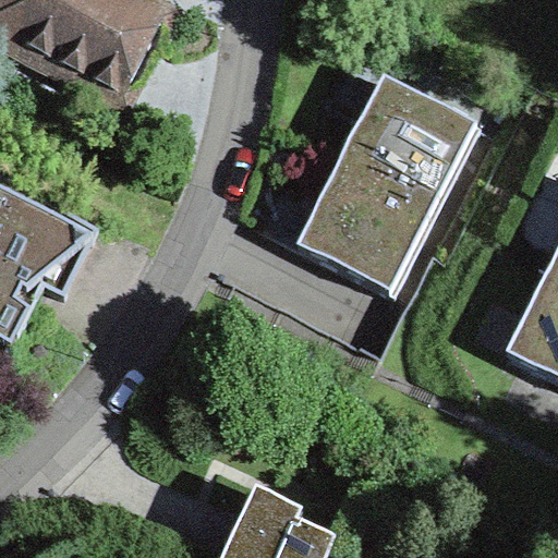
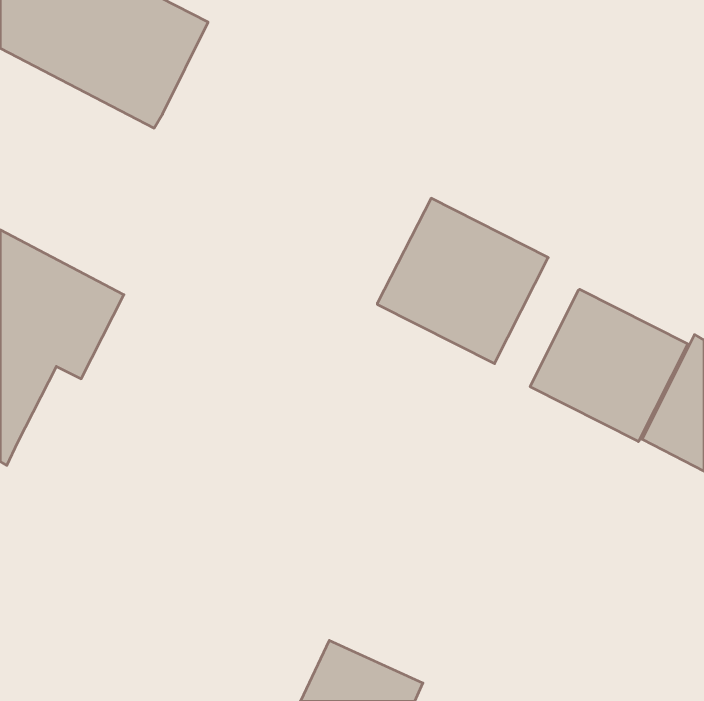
building: [341,72,477,204] -> none
building: none -> [530,289,688,442]

